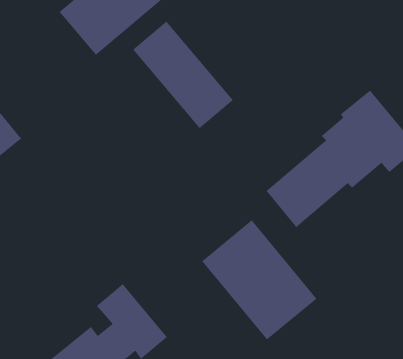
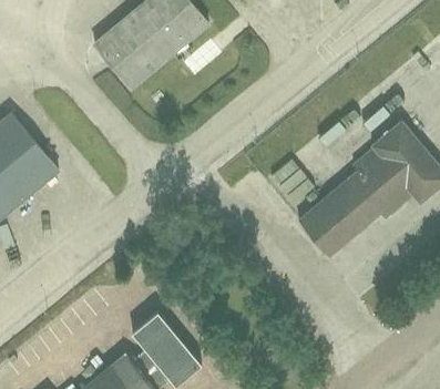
building: [132,20,234,129] -> none
building: [201,219,318,341] -> none

